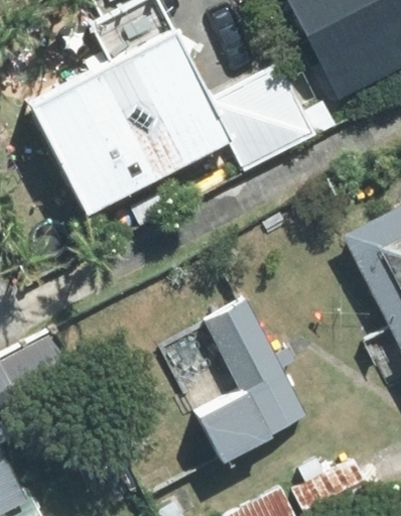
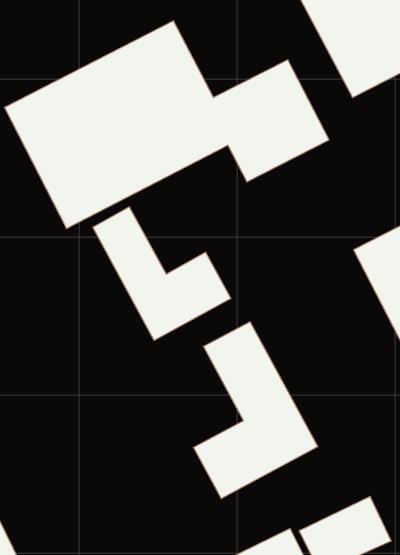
building: none -> [93,207,231,340]

